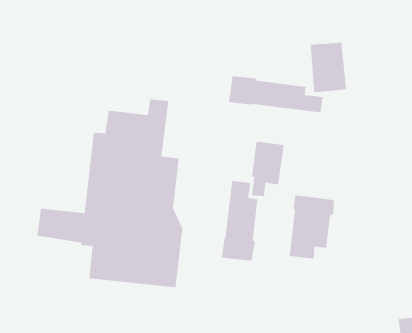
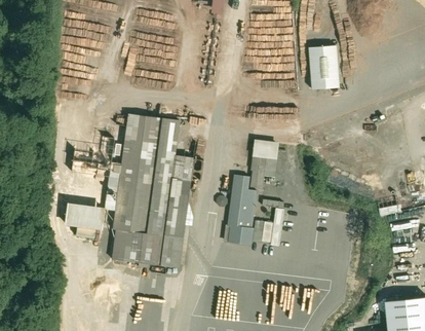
building: [228,76,323,113] -> none
building: [289,195,334,259] -> none

